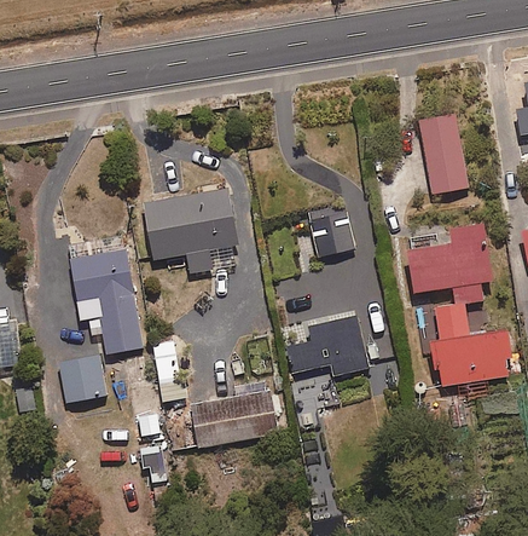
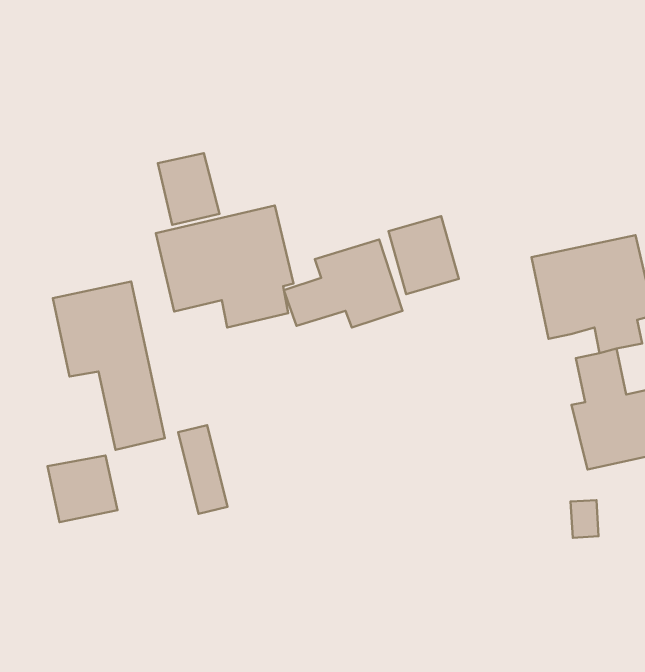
building: [416,113,465,194] -> none
building: none -> [158,153,219,225]
building: [286,316,369,376] -> [284,240,403,328]
building: [182,390,278,449] -> none

